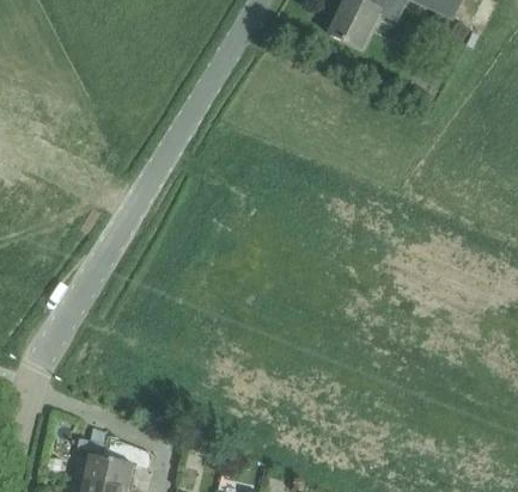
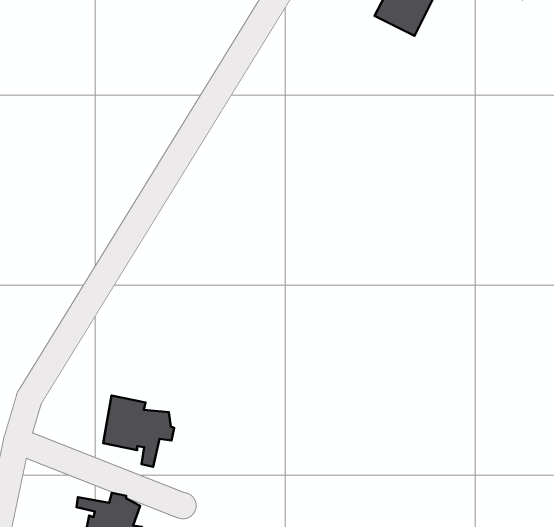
building: none -> [103,396,174,467]

